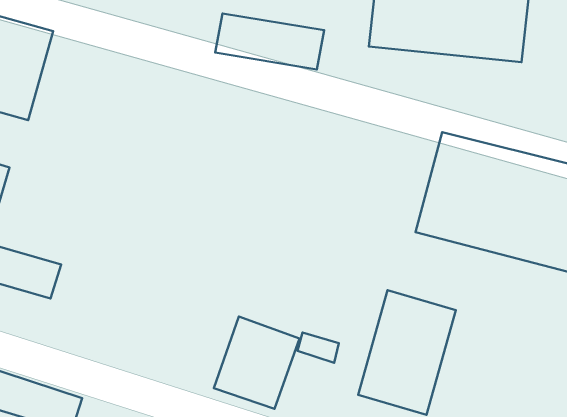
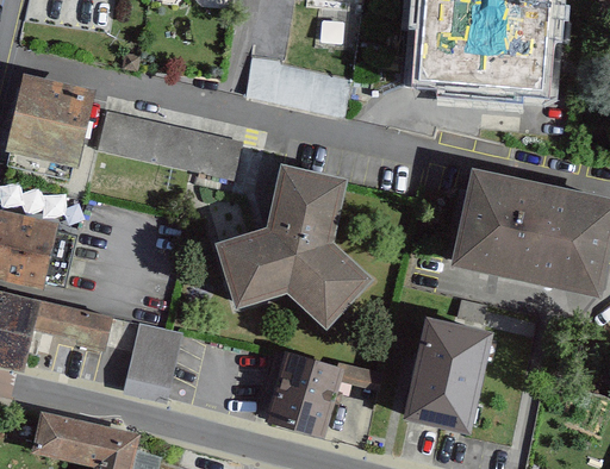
building: none -> [97,112,244,182]
building: none -> [212,167,376,332]
building: none -> [124,323,183,400]

